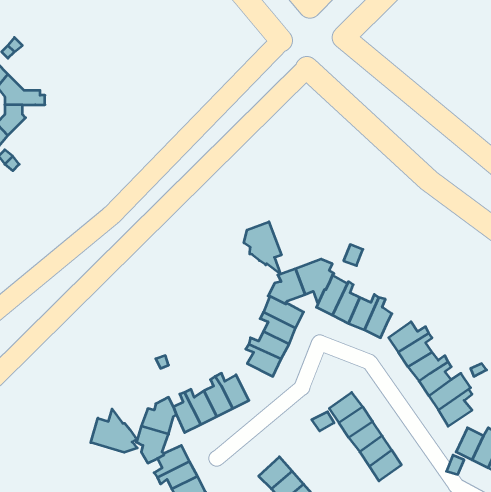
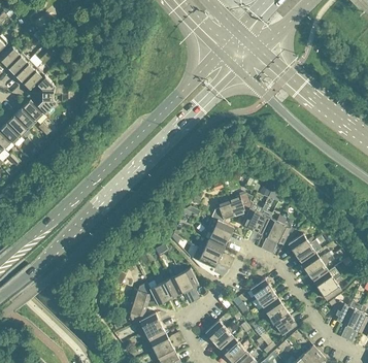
building: [244,222,281,274] -> none
building: [91,409,137,452] -> none

